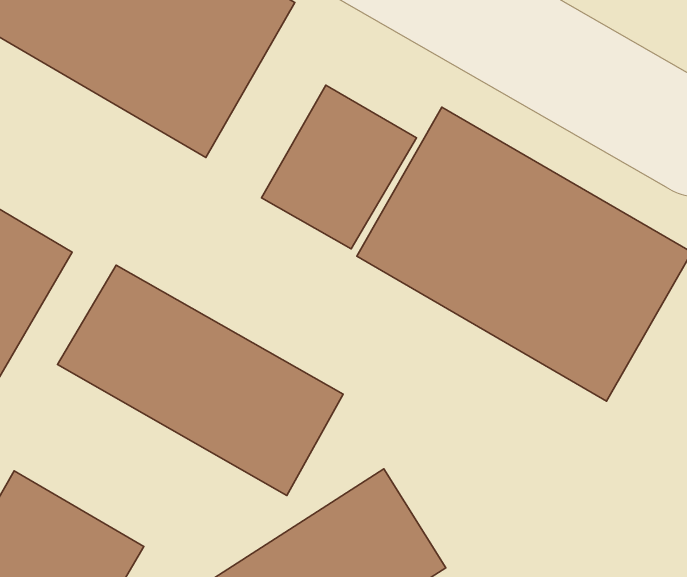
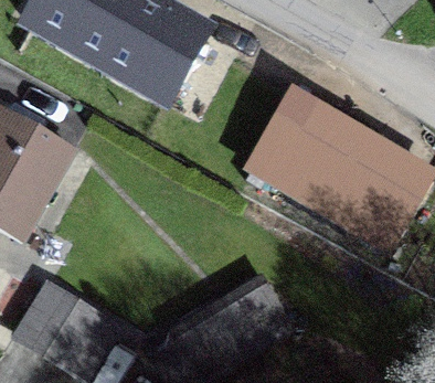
building: [262,85,416,249] -> none
building: [58,265,343,495] -> none

